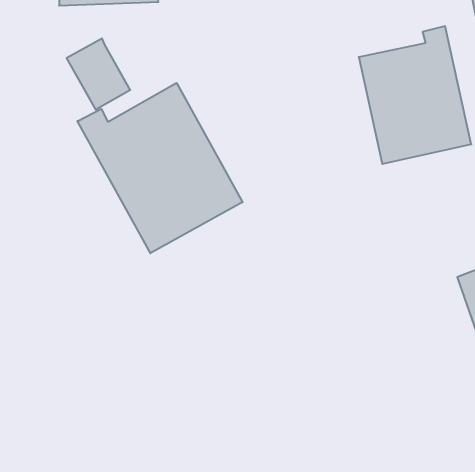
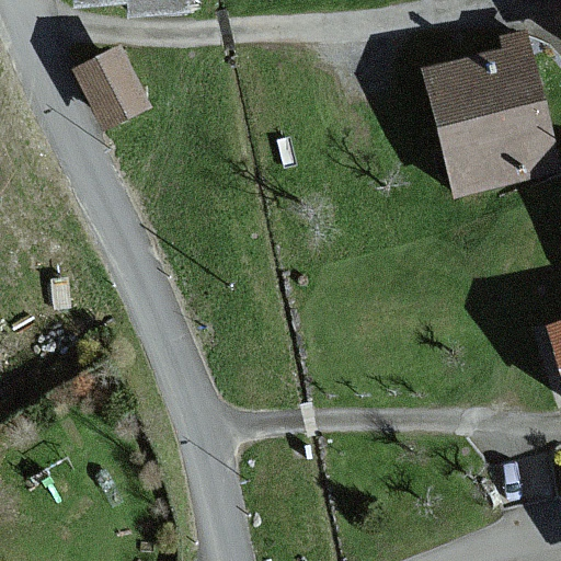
building: [77,83,243,253] -> none

